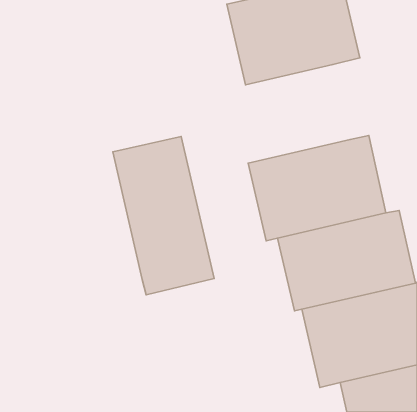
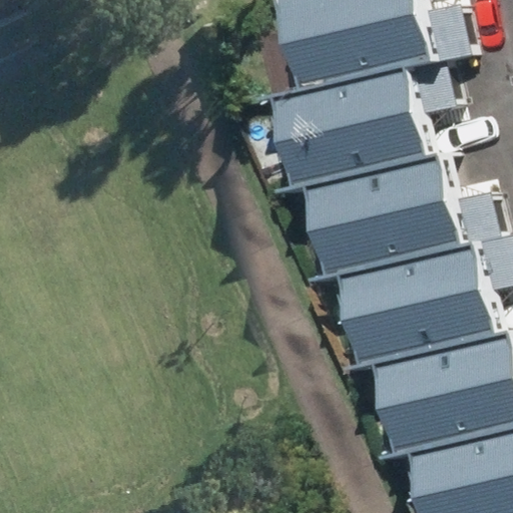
building: none -> [275,79,430,202]
building: [113,137,214,295] -> none

